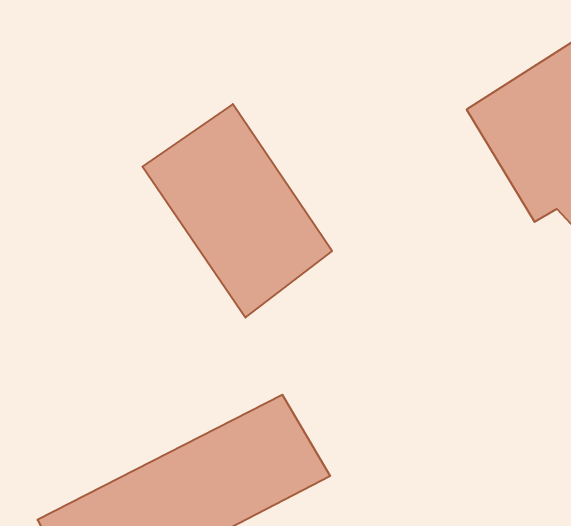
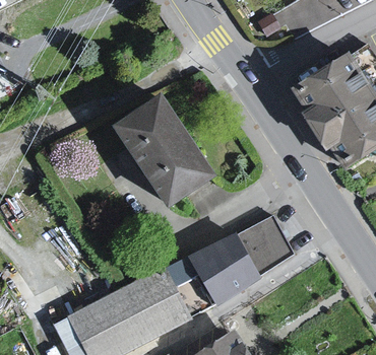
building: none -> [189,210,291,297]

